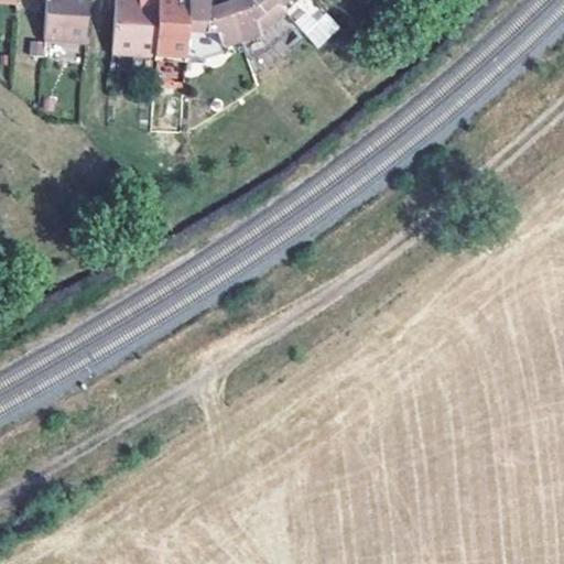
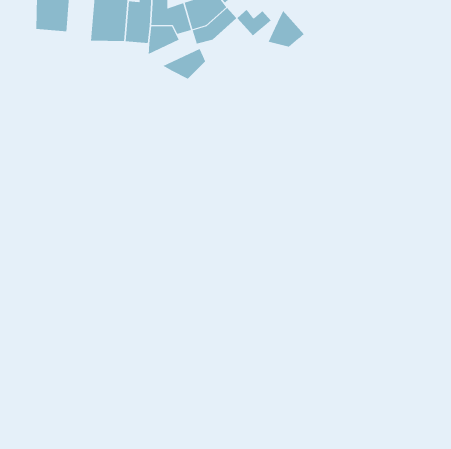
building: none -> [268,10,305,48]
building: none -> [162,48,206,79]

